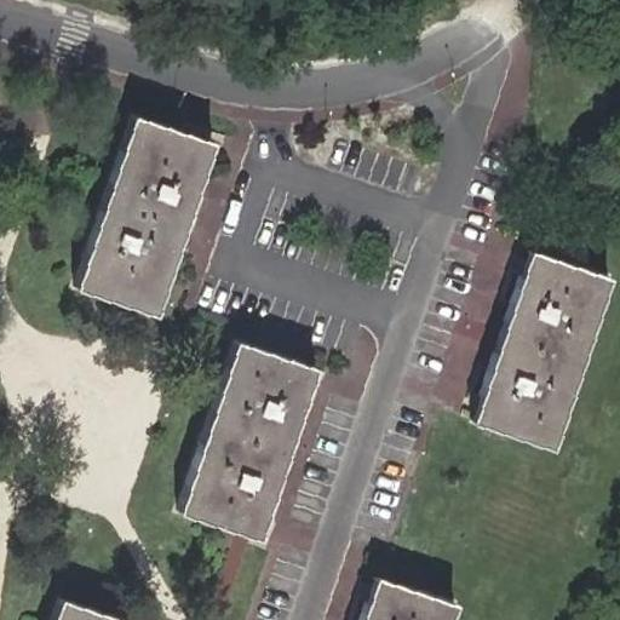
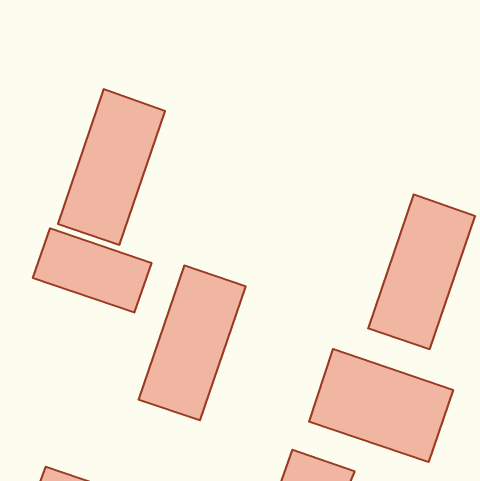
building: none -> [33,228,151,313]
building: none -> [309,349,453,462]

